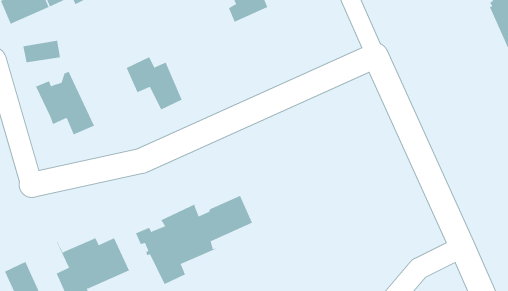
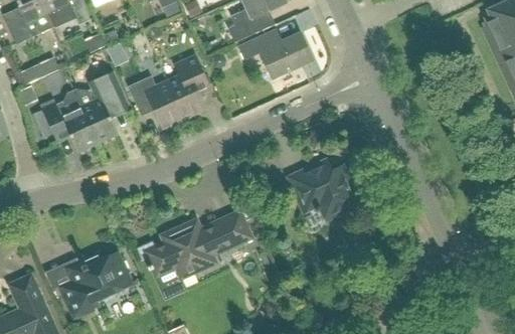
building: none -> [239,32,312,76]
building: none -> [167,54,208,117]
building: none -> [72,70,131,142]
building: none -> [288,159,359,218]

